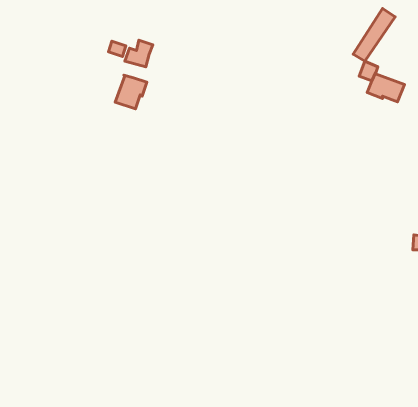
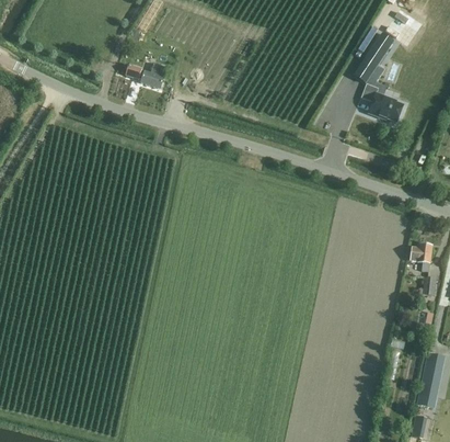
building: [115,75,147,109] -> none

